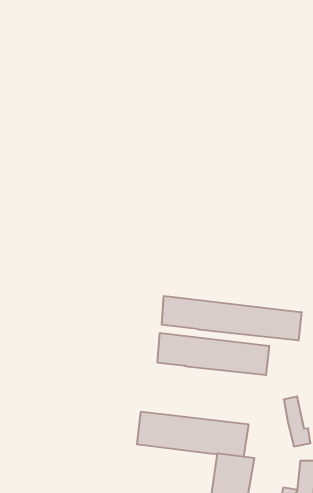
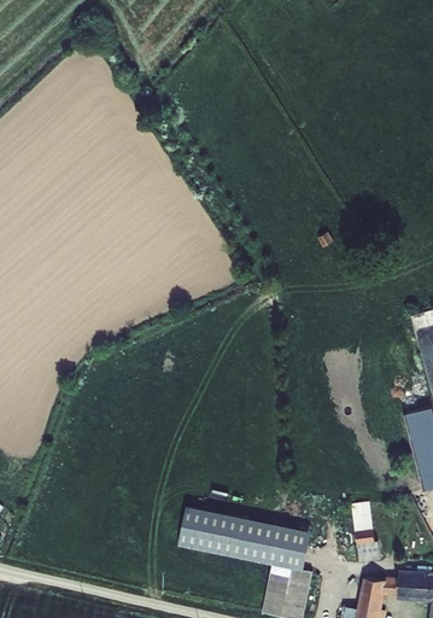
building: [162,296,302,341] -> none
building: [158,333,269,375] -> none

